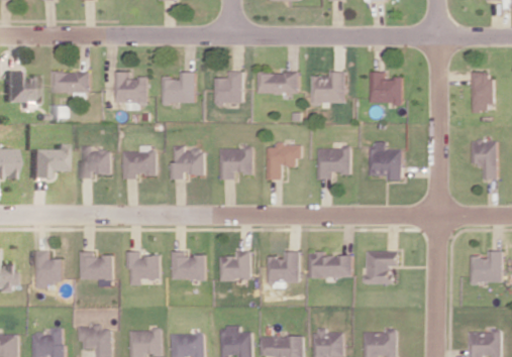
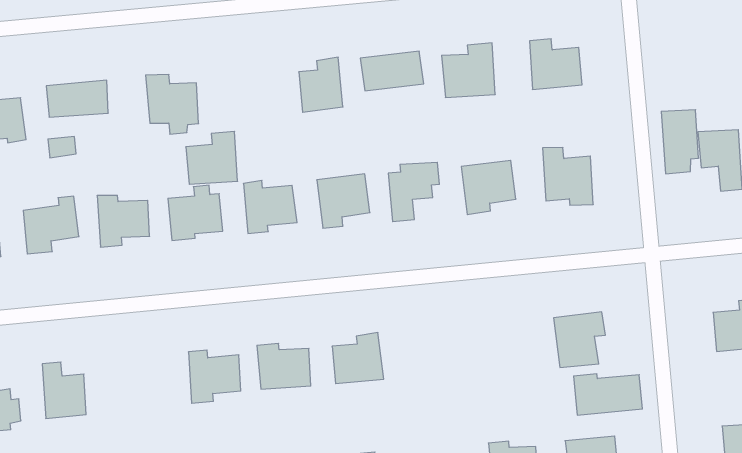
building: [165,72,197,104] -> [186,131,238,184]
building: [469,72,492,112] -> [661,110,699,174]
building: [78,251,112,286] -> none
building: [269,251,301,287] -> none
building: [310,252,352,277] -> [574,374,642,415]

